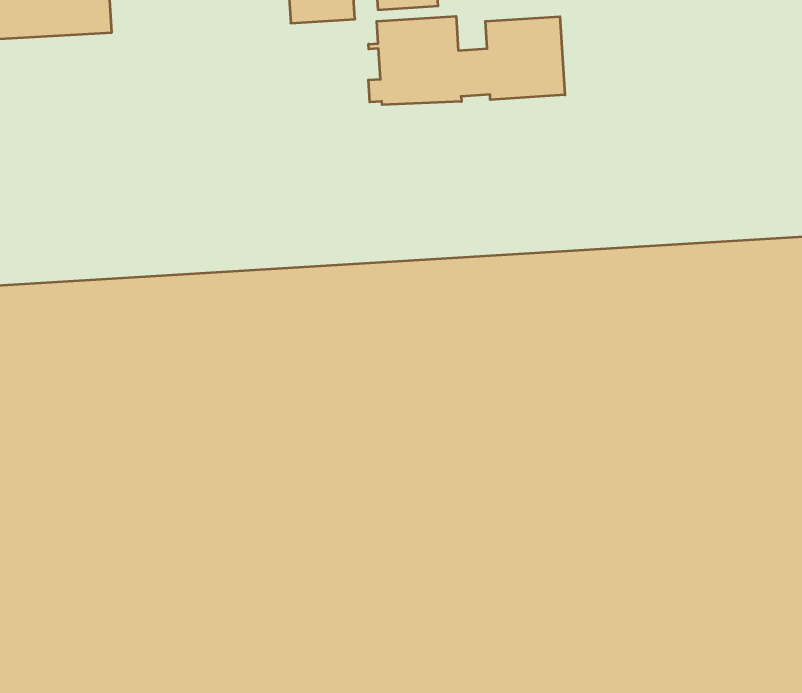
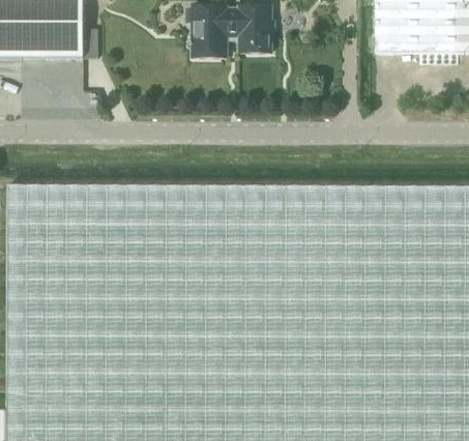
building: [368,16,565,105] -> none

